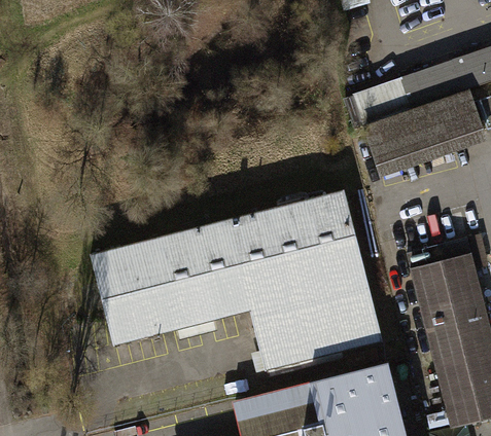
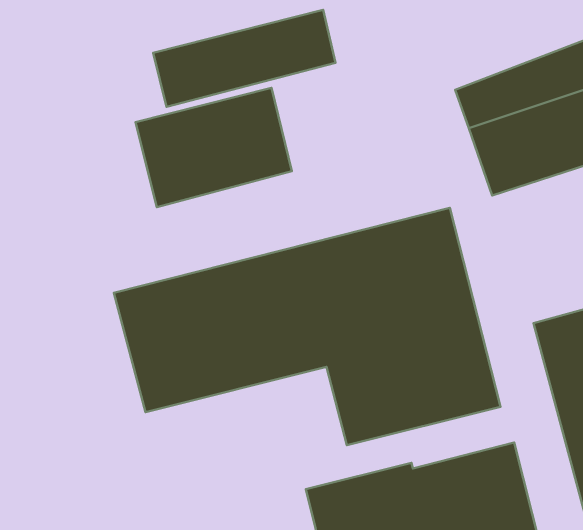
building: none -> [153,10,336,107]
building: none -> [136,88,292,207]

